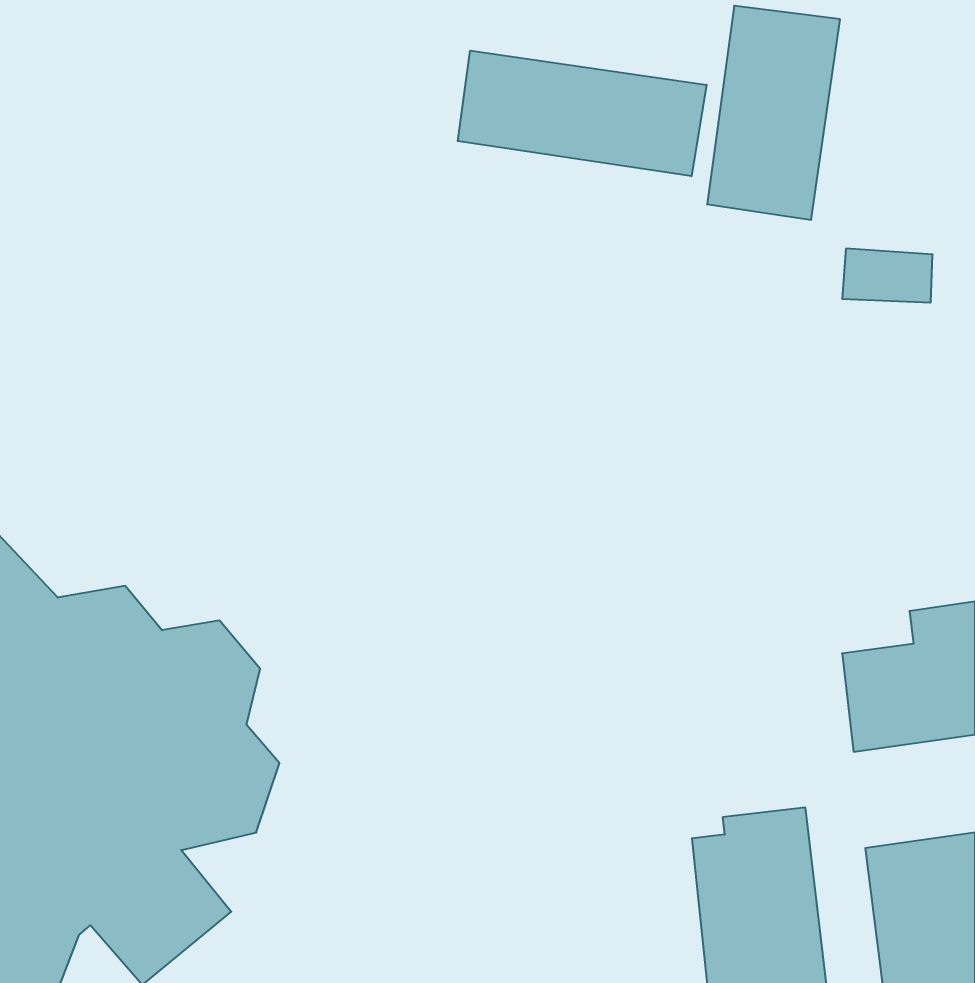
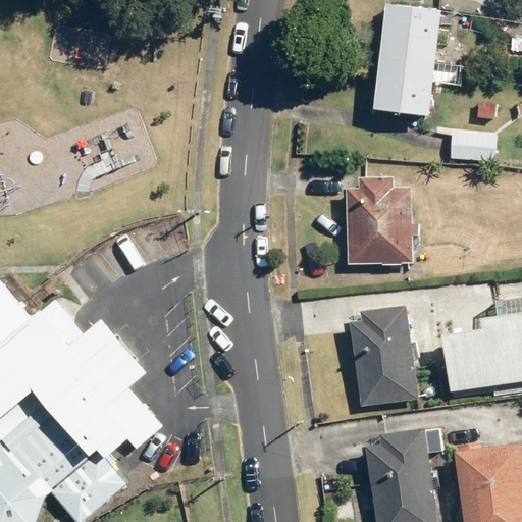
building: [458,51,707,176] -> none
building: none -> [344,176,412,263]
building: none -> [349,305,418,405]

